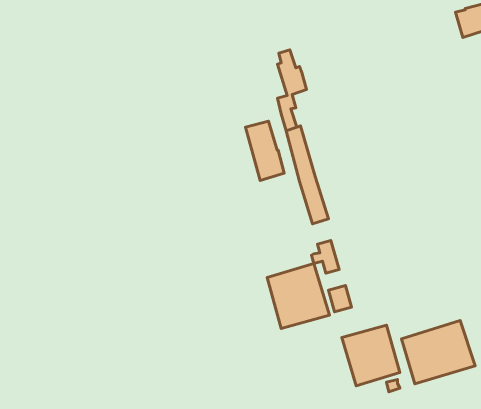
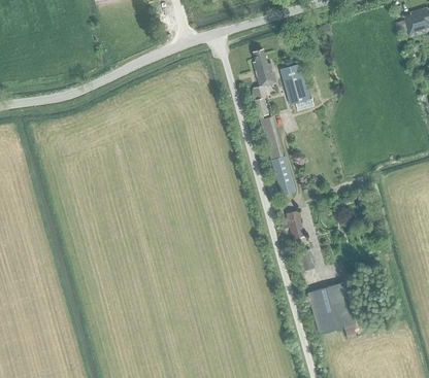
building: [246,121,284,180] -> [279,64,312,114]
building: [267,264,329,328] -> none
building: [402,320,475,384] -> none

